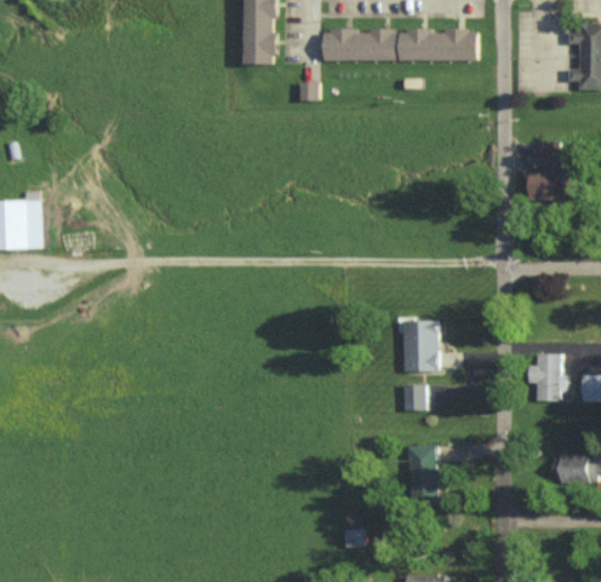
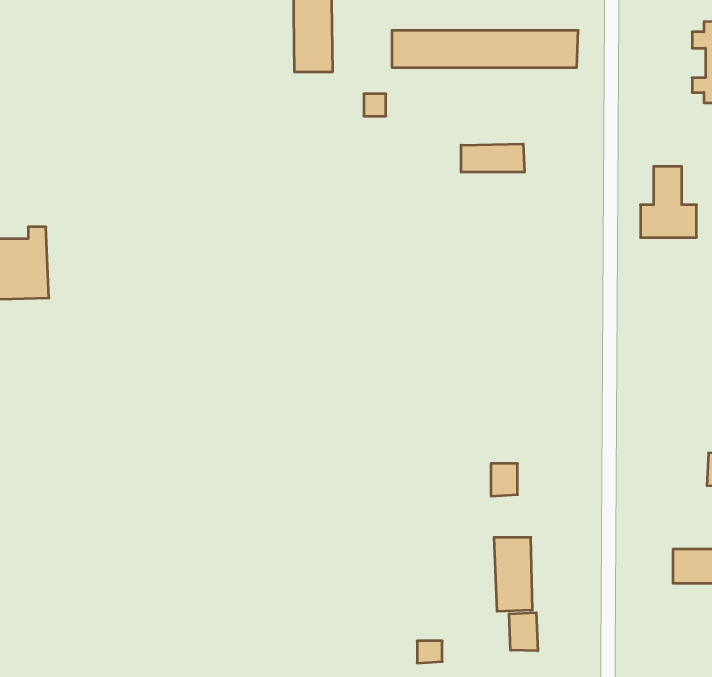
building: none -> [461,144,525,172]
building: [403,321,439,373] -> none
building: [528,355,562,402] -> none
building: none -> [509,613,538,651]

